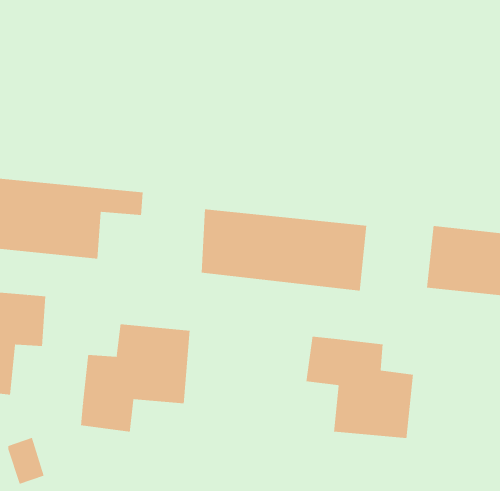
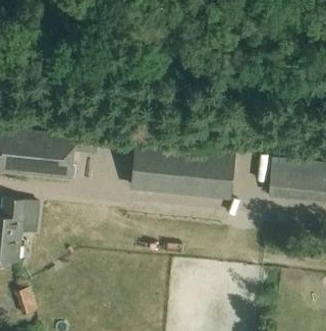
building: [80,324,190,432] -> none
building: [306,336,414,439] -> none

